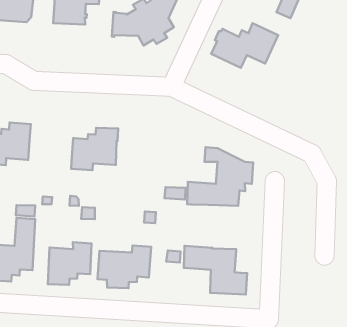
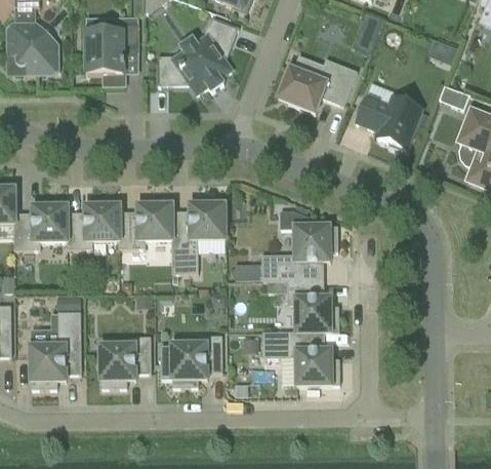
building: none -> [355,93,421,148]
building: none -> [66,196,120,248]
building: none -> [171,195,224,273]
building: none -> [267,278,338,331]

